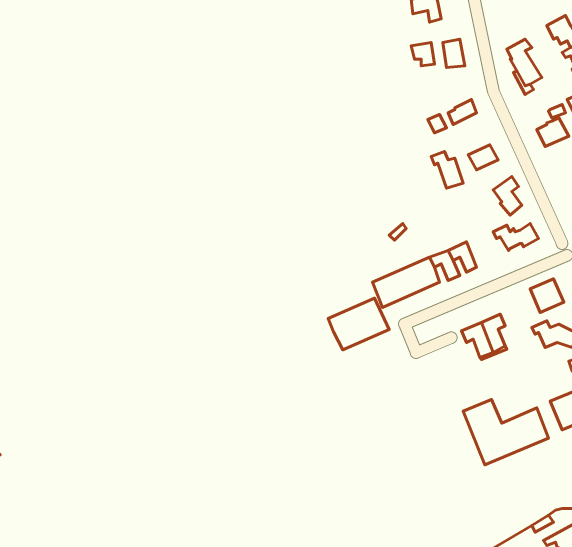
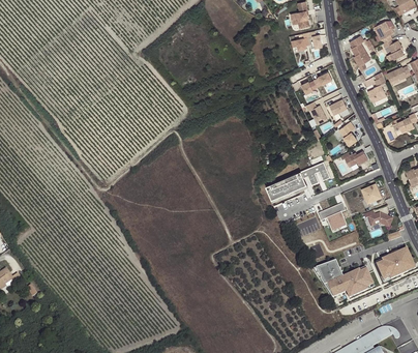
building: [328,298,389,350] -> none

